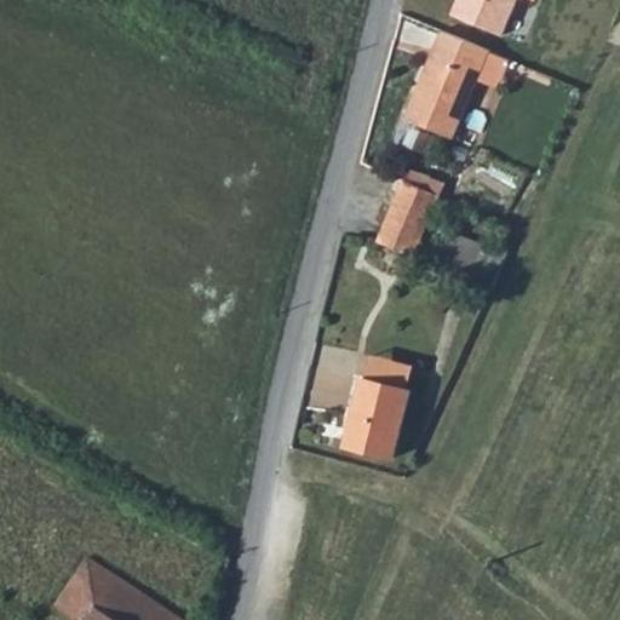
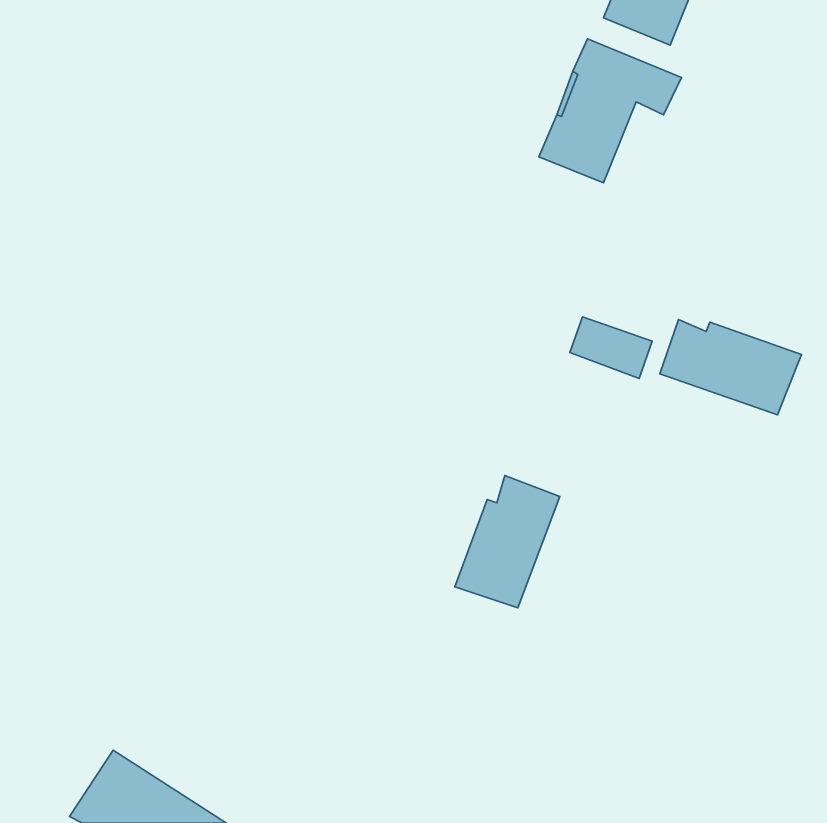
building: [367,168,443,260] -> none
building: none -> [660,320,801,415]

